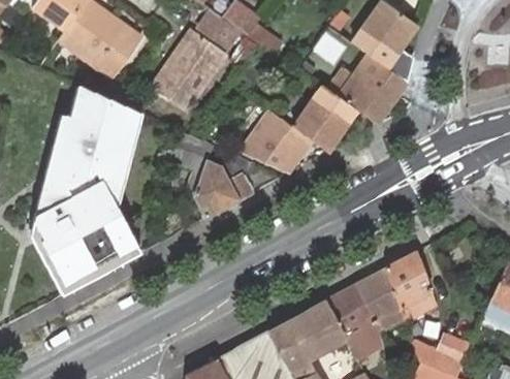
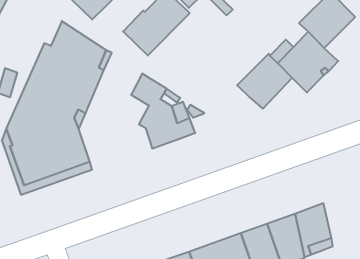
building: [251,116,312,172] -> none

